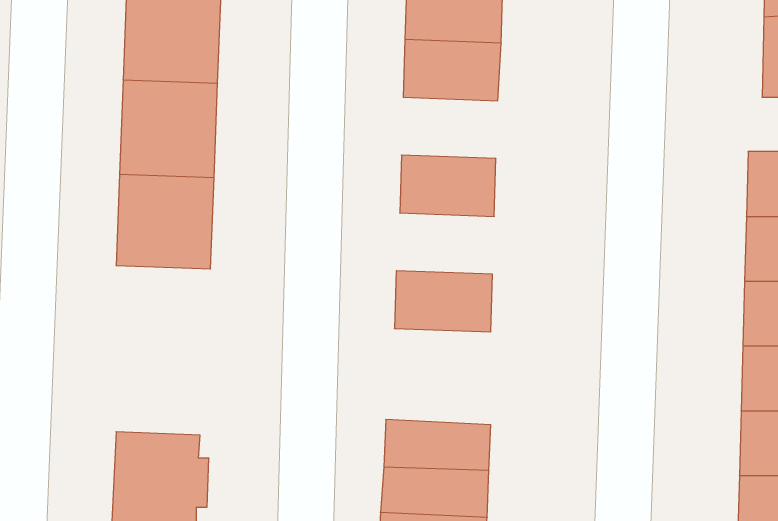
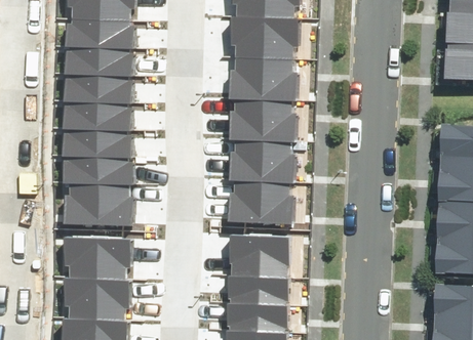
building: none -> [237,70,293,105]
building: none -> [234,137,291,173]
building: none -> [68,168,125,211]
building: none -> [228,214,291,261]
building: none -> [70,222,121,267]

